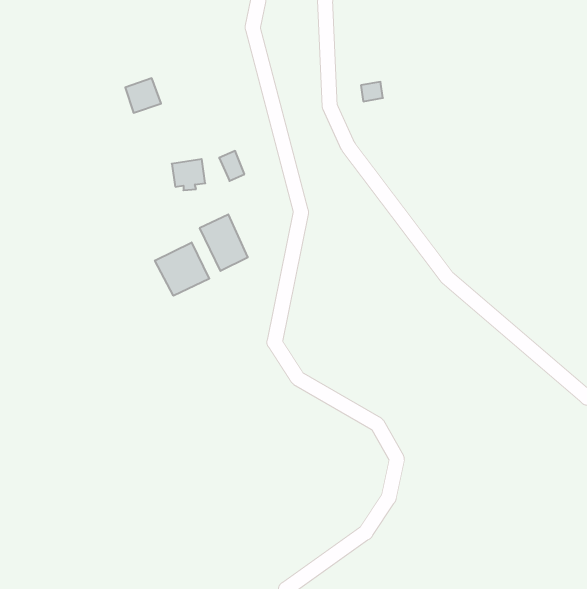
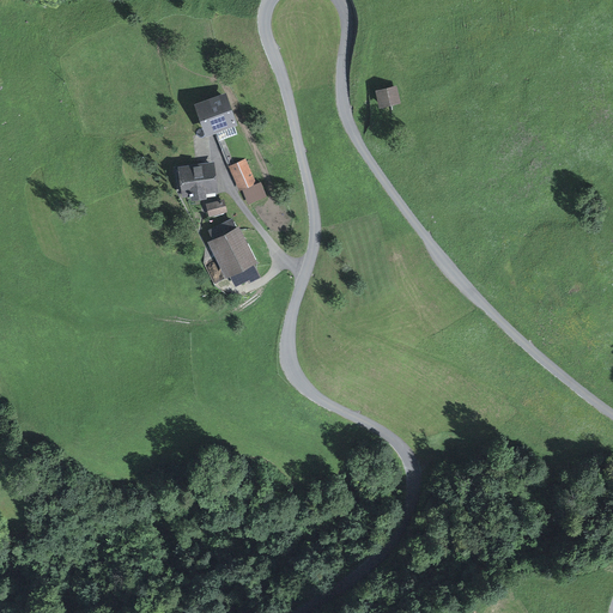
building: [125,78,161,113] -> [195,96,232,132]
building: [155,242,209,296] -> none

